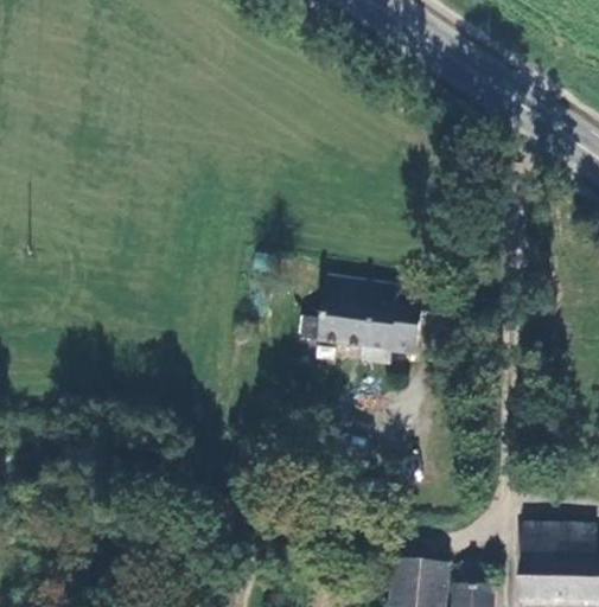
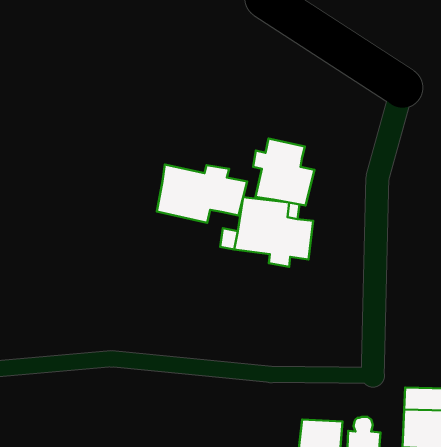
building: none -> [253,139,314,206]
building: none -> [157,165,247,223]

